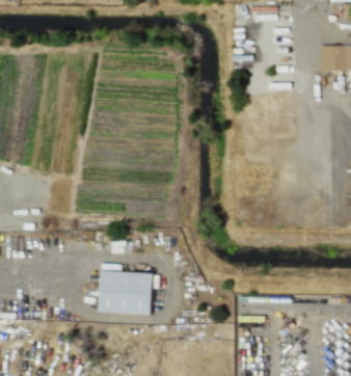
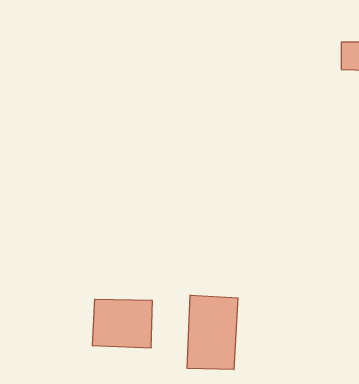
building: none -> [187,295,238,370]

